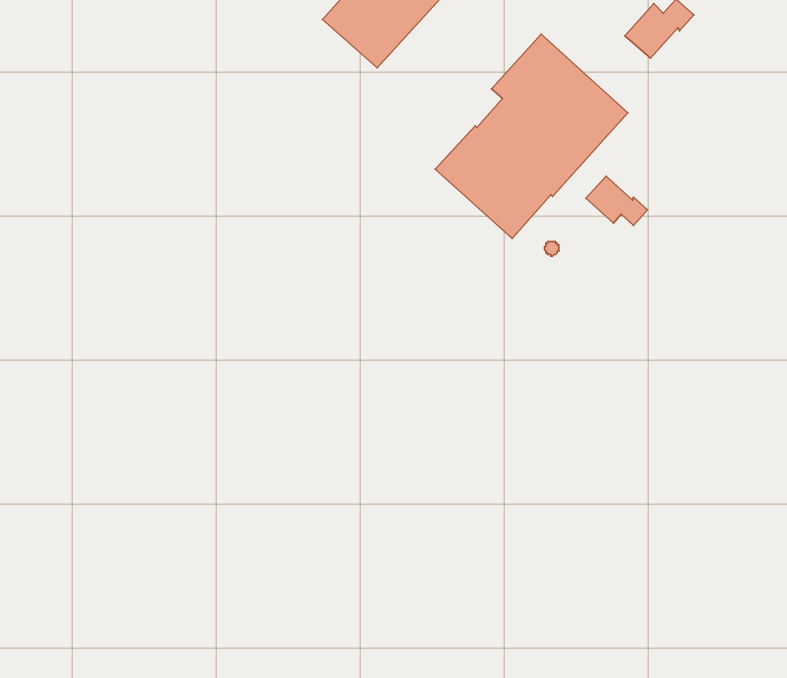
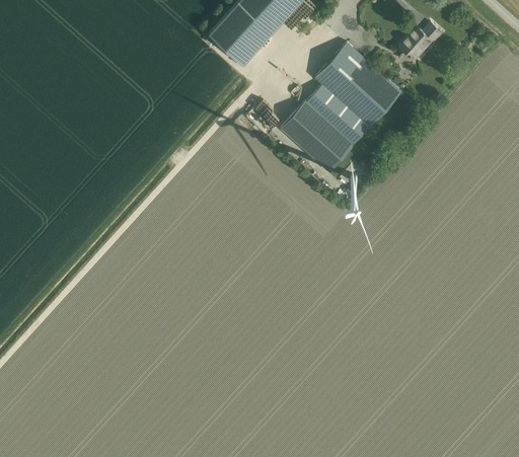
building: [586,176,647,225] -> none

